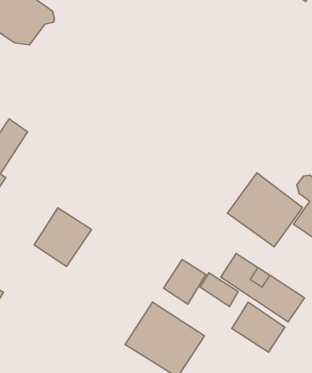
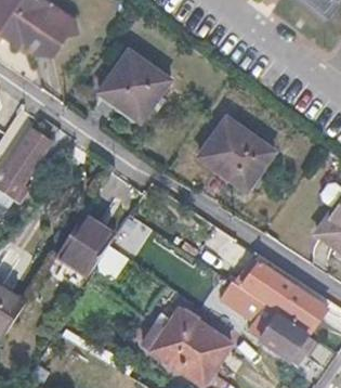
building: none -> [99,50,169,120]
building: [228,173,303,247] -> [199,117,274,191]
building: [164,259,206,304] -> none

